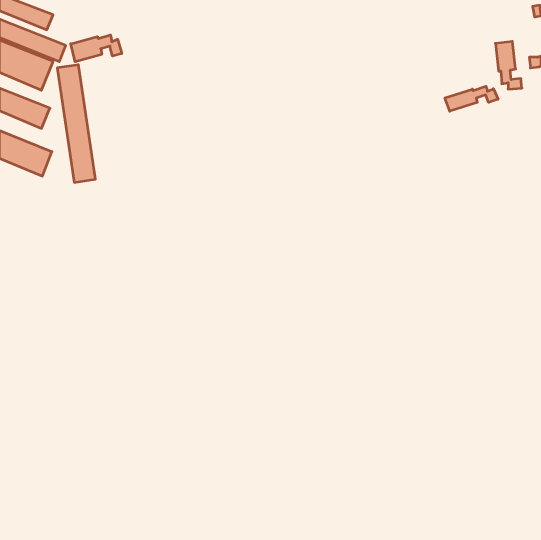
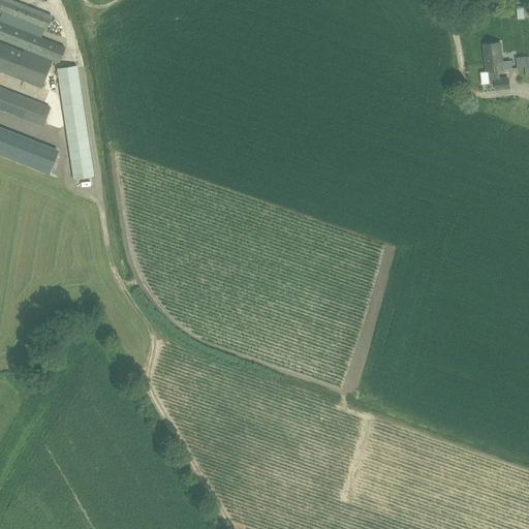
building: [71,35,122,62] -> none
building: [445,86,498,111] -> none

